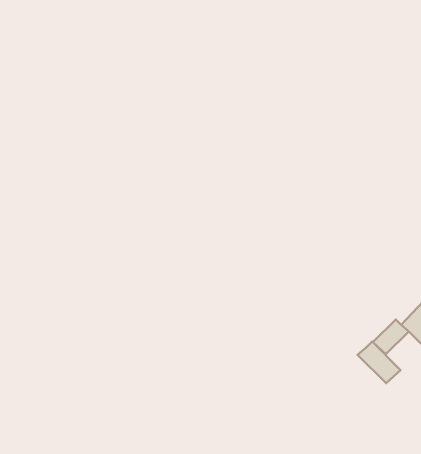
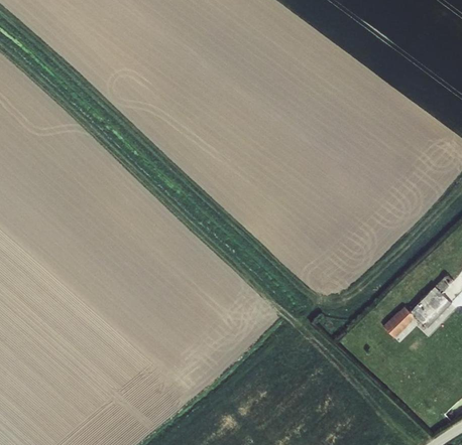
building: [358,342,401,383] -> none

